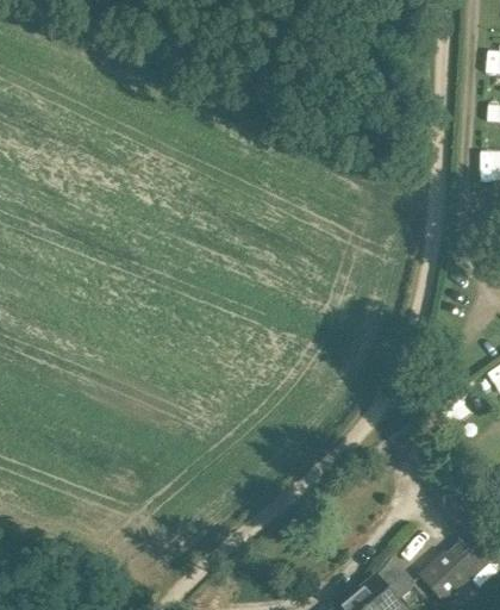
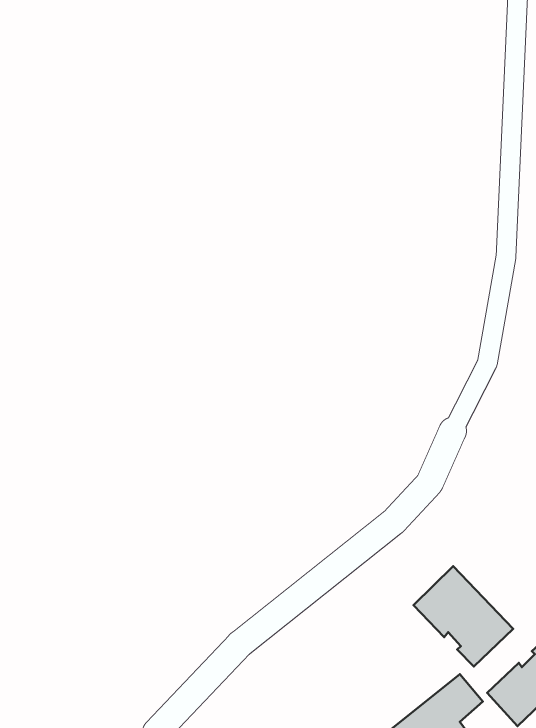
building: none -> [414,566,513,666]

